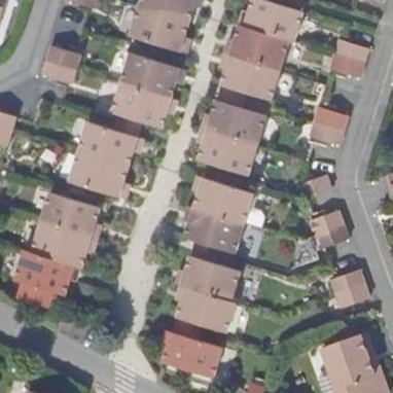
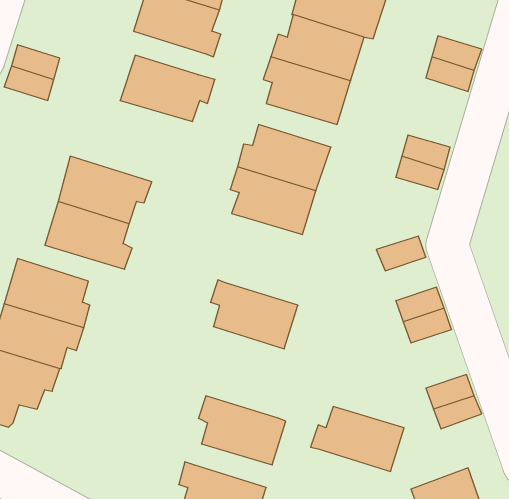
building: [113,83,177,128] -> none
building: [192,176,252,223] -> none
building: [175,256,239,300] -> [311,407,404,471]

